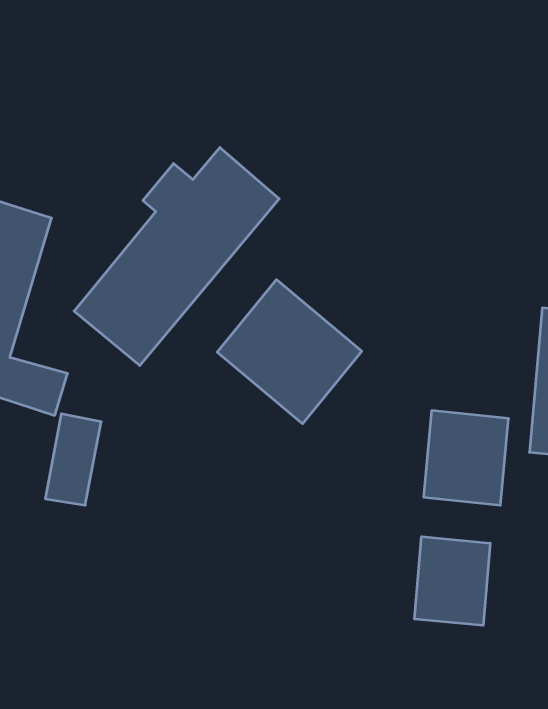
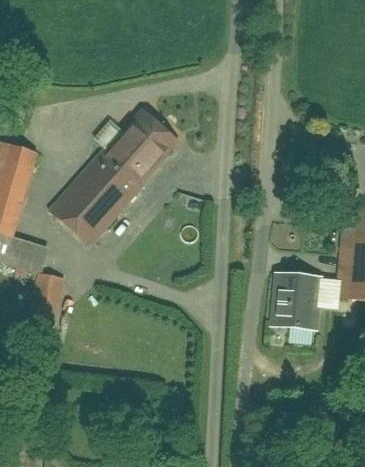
building: [217,280,362,424] -> none
building: [415,537,490,625] -> none

